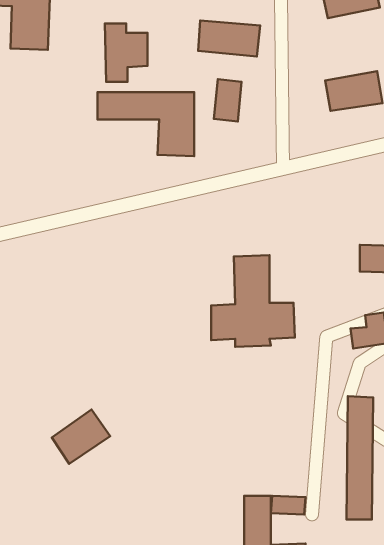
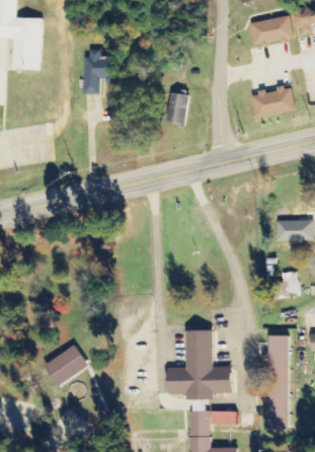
building: [198,20,260,57] -> none
building: [98,92,194,156] -> none
building: [211,255,295,347] -> [167,329,231,399]

